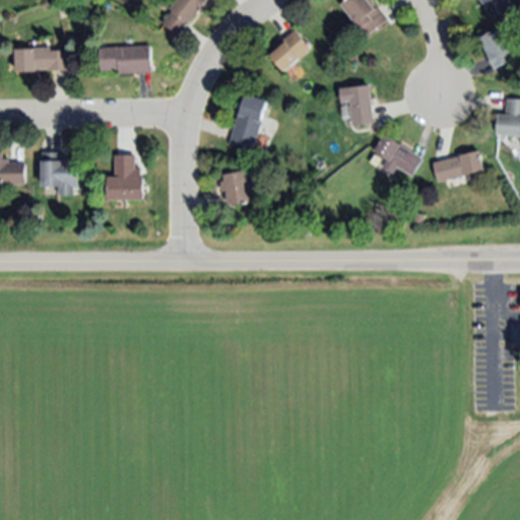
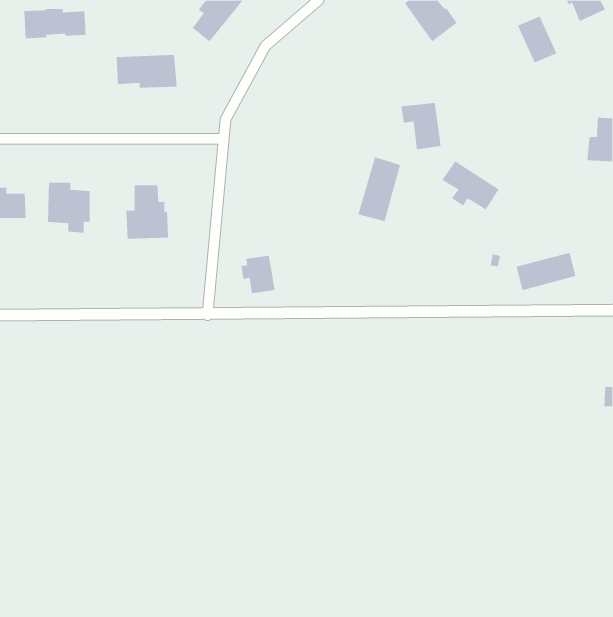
building: [268,28,309,71] -> none
building: [478,28,512,68] -> [517,16,557,63]
building: [13,48,66,73] -> [24,8,86,39]
building: [229,94,265,149] -> [357,157,401,222]
building: [431,150,481,183] -> [516,252,576,291]
building: [218,173,248,205] -> [240,255,275,294]

